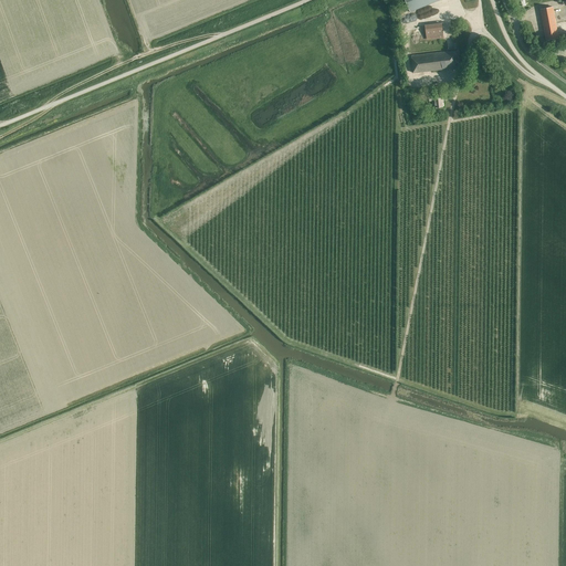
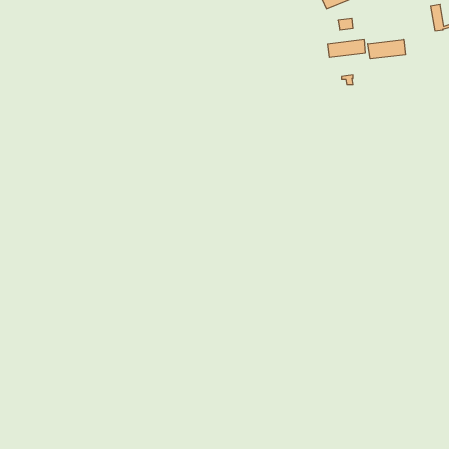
building: none -> [368,39,405,59]

